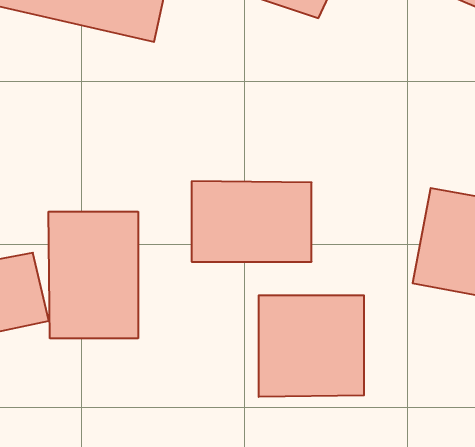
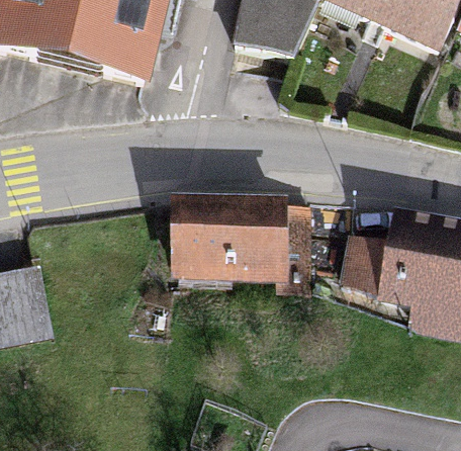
building: [49,212,138,338] -> none
building: [259,295,364,397] -> none

